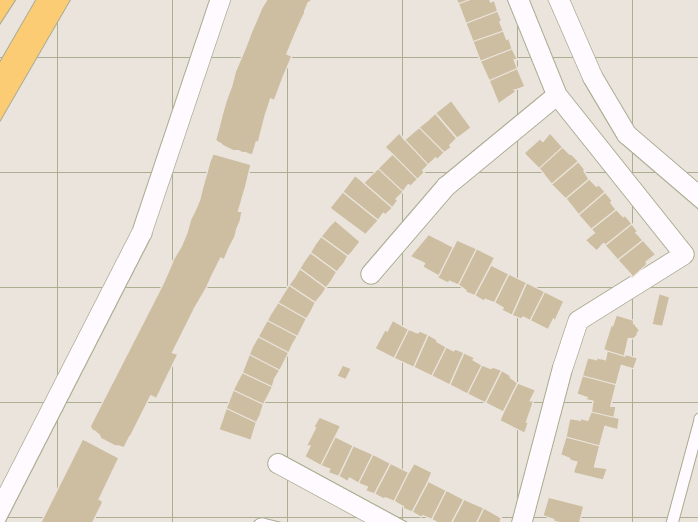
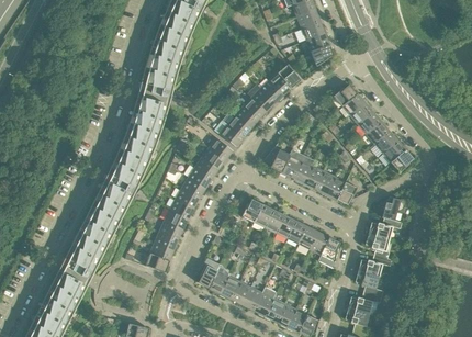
building: none -> [347,292,381,315]

